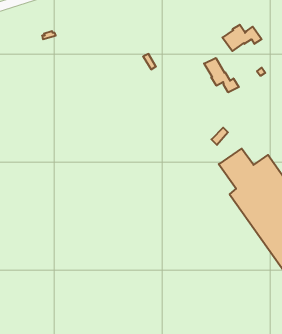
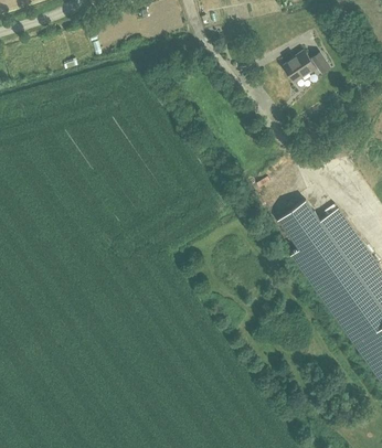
building: [204,58,239,92] -> none

